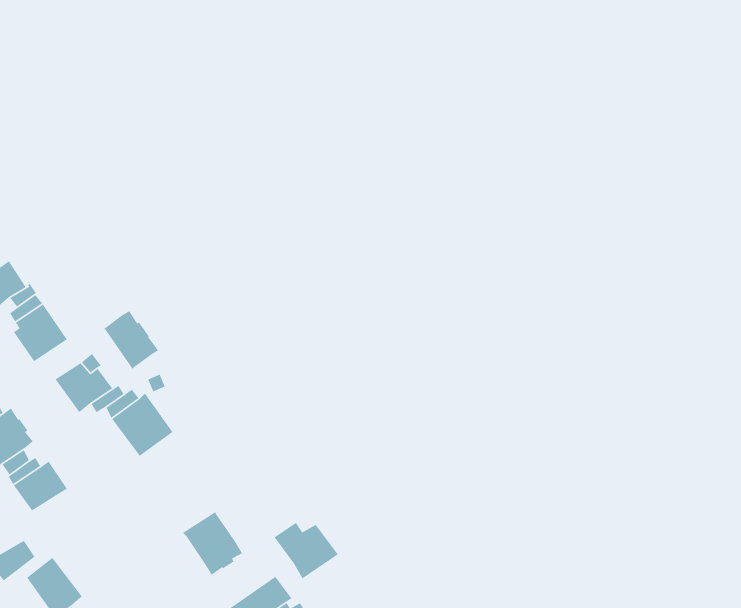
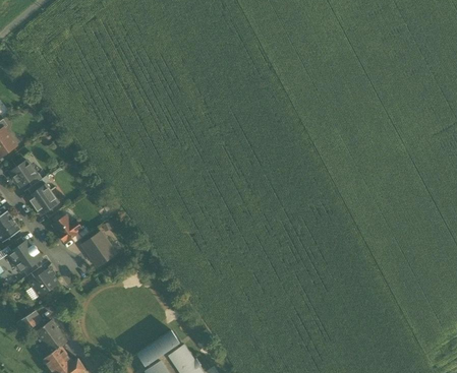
building: [103,310,159,370] -> none
building: [182,511,243,576] -> none
building: [274,522,339,579] -> none

